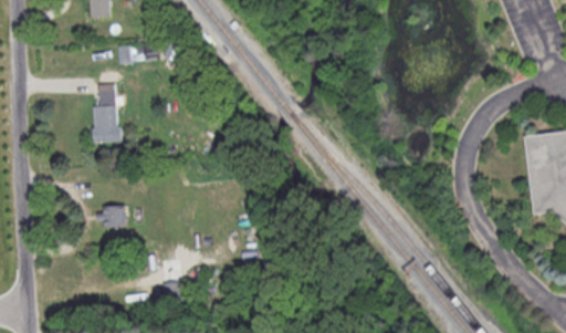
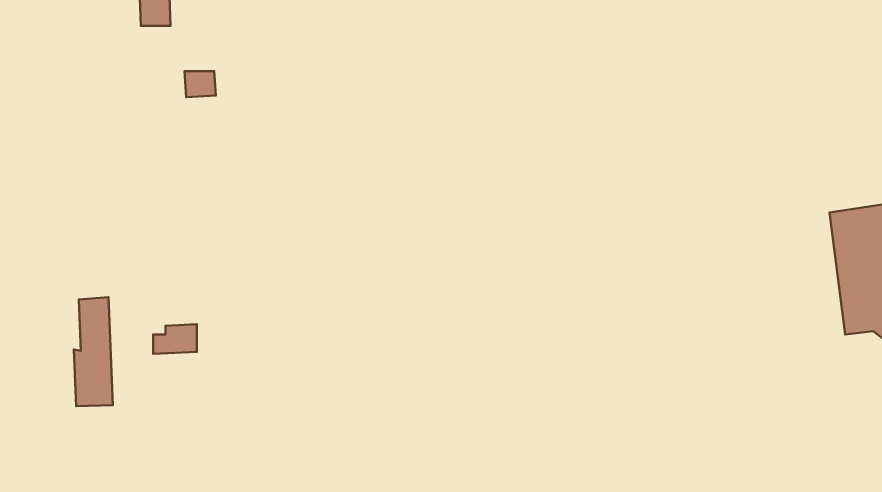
building: [93,84,122,143] -> none
building: none -> [74,297,113,406]

